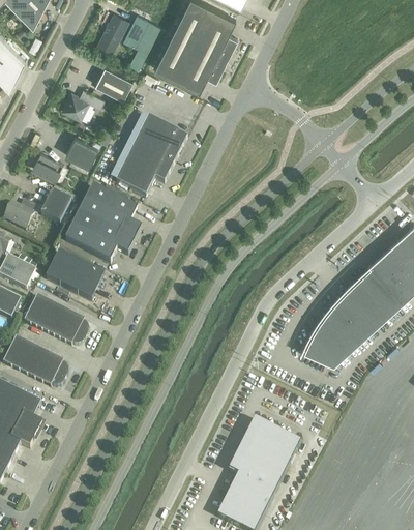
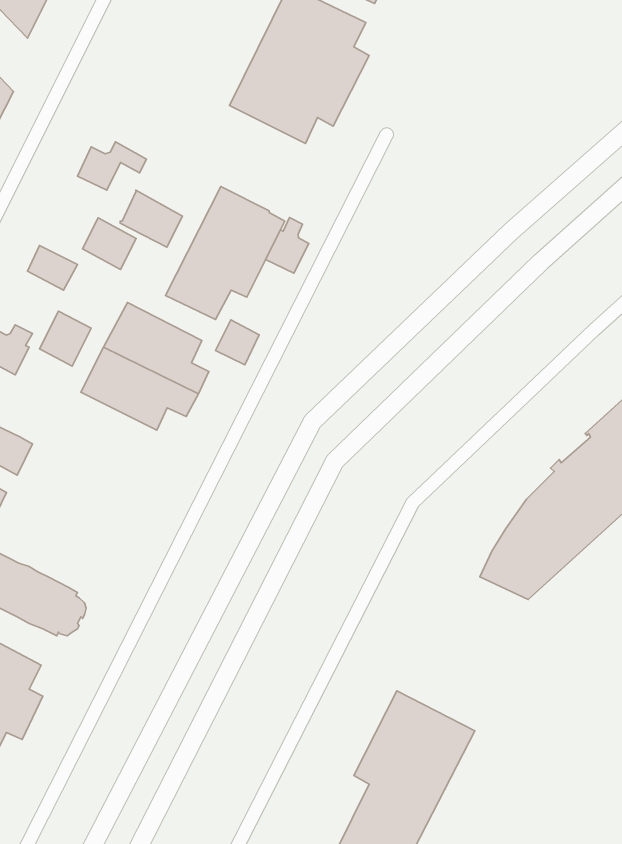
building: [96,12,128,52] -> none
building: [123,13,160,68] -> none
building: [95,64,132,98] -> [120,190,182,247]
building: none -> [265,218,309,273]
building: none -> [215,320,259,365]
building: [47,252,105,300] -> none
building: [24,294,89,344] -> none

